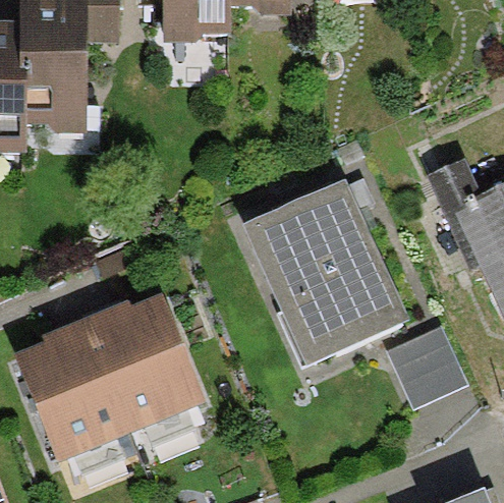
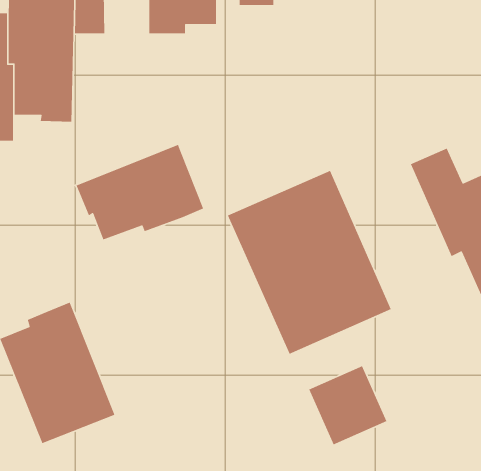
building: none -> [76,144,204,241]
building: [83,290,205,430] -> none
building: [388,325,468,406] -> [308,365,388,446]

